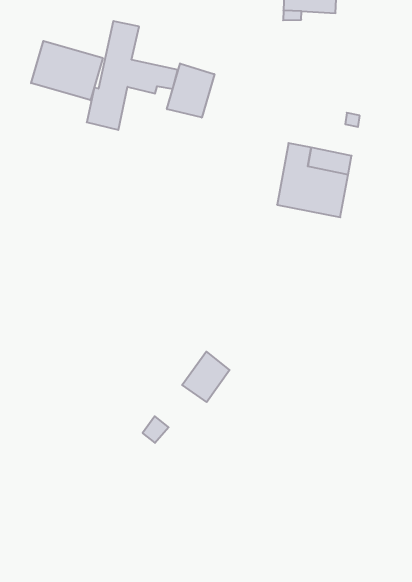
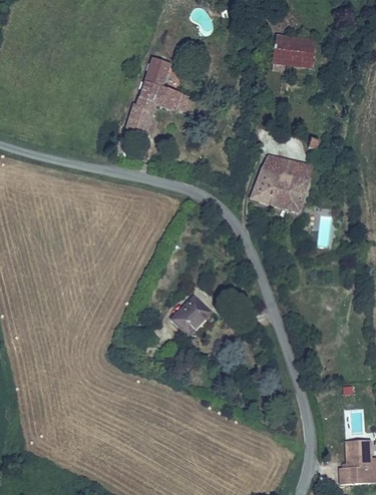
building: [31,41,103,100] -> none
building: [167,63,214,118] -> none

